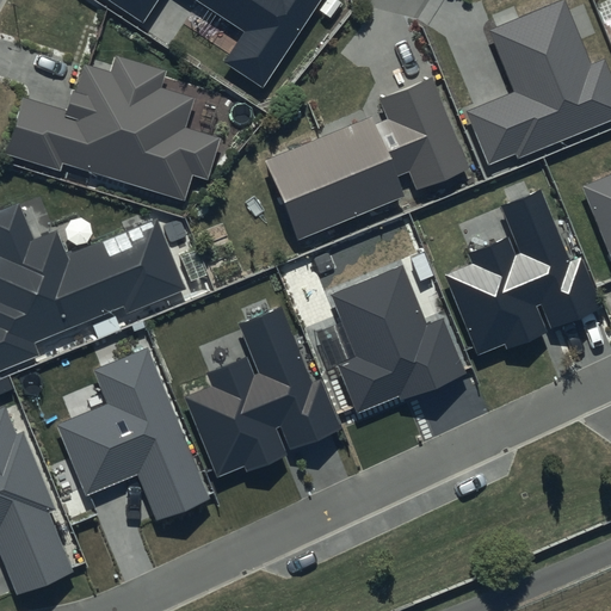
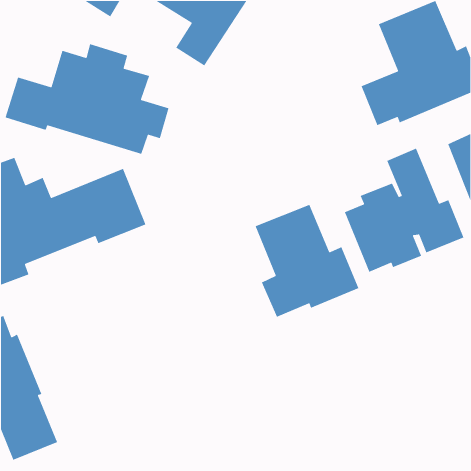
building: [265,78,470,240] -> none
building: [185,308,341,476] -> none
building: [56,348,210,520] -> none

